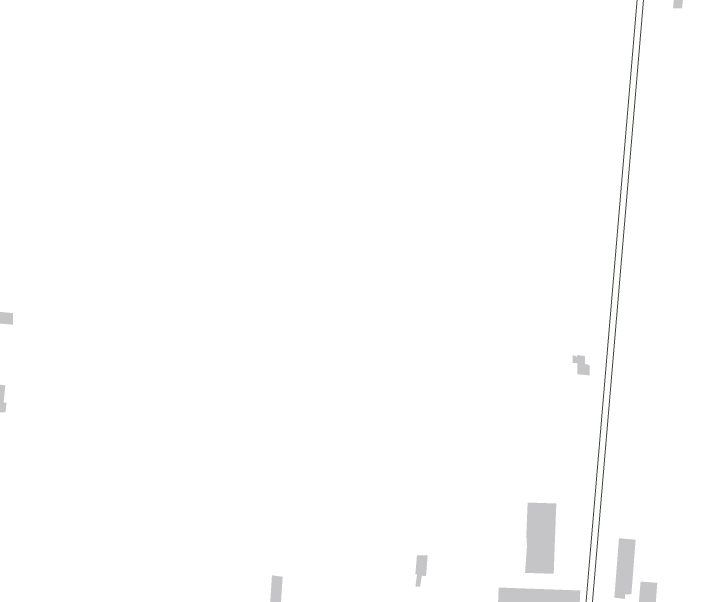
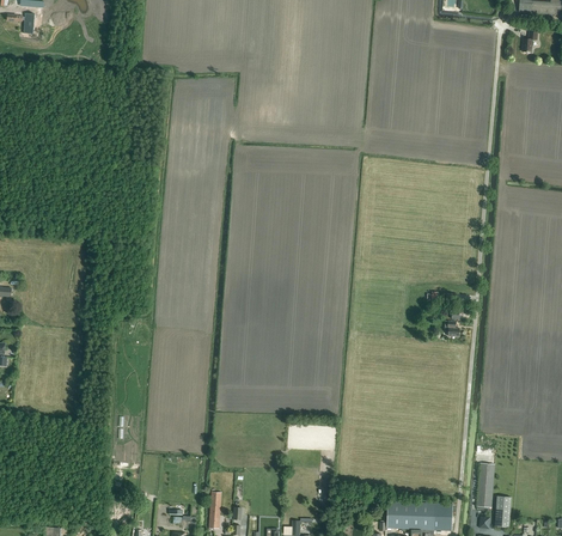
building: [524,502,557,574] -> none

